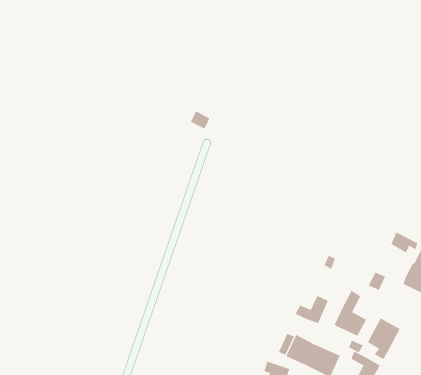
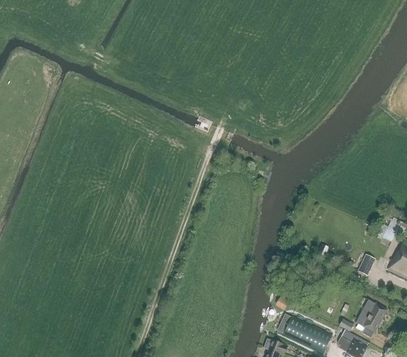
building: [334,290,367,336] -> none
building: [295,295,328,324] -> none

